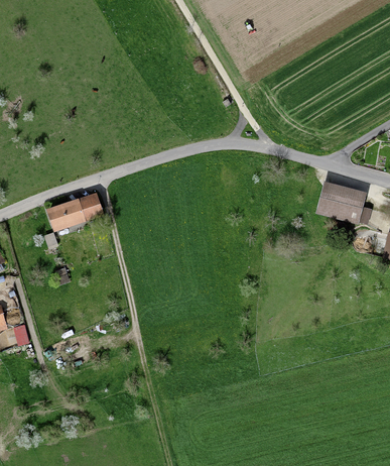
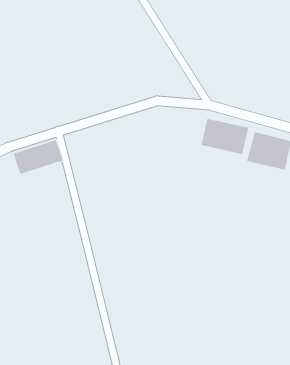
building: none -> [201,118,249,155]

